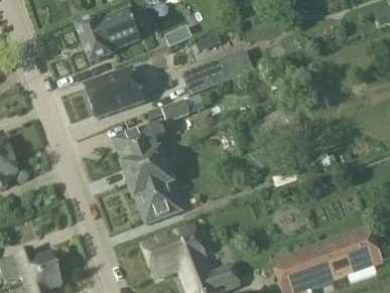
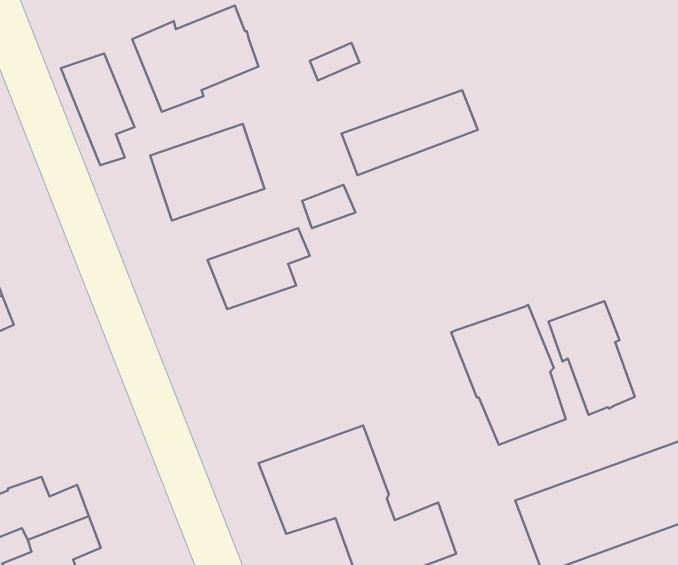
building: none -> [61,54,134,165]
building: [123,148,181,219] -> [451,305,566,445]
building: none -> [549,301,635,415]

